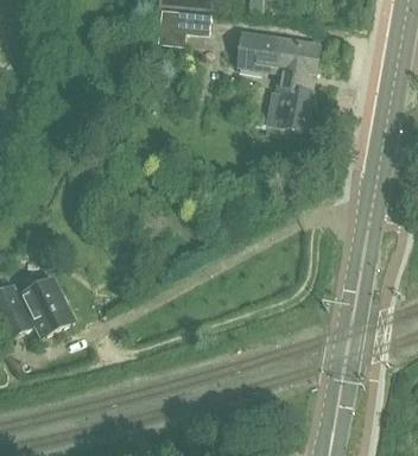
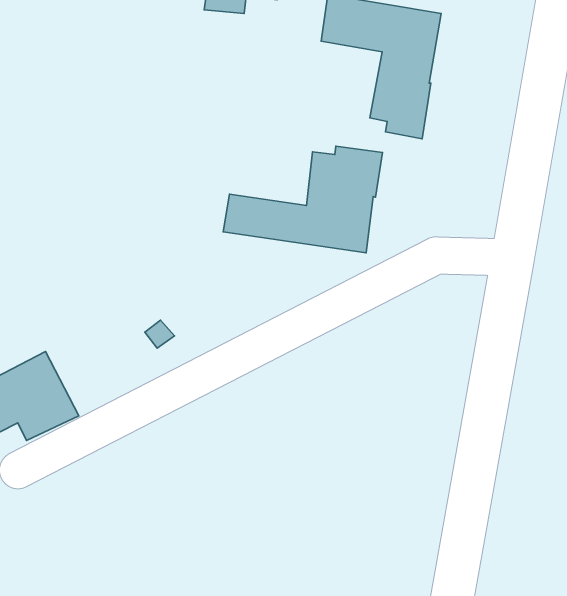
building: none -> [223,146,382,253]

